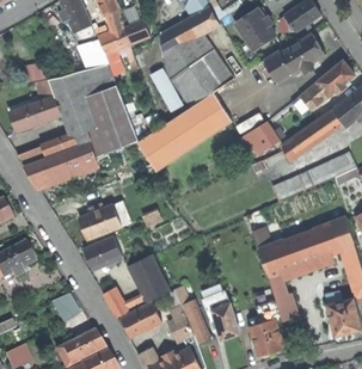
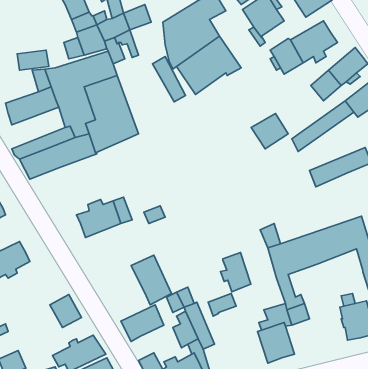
building: [137,93,232,172] -> none
building: [84,238,122,269] -> none
building: [103,289,148,318] -> none
building: [210,303,239,340] -> [220,252,251,292]

